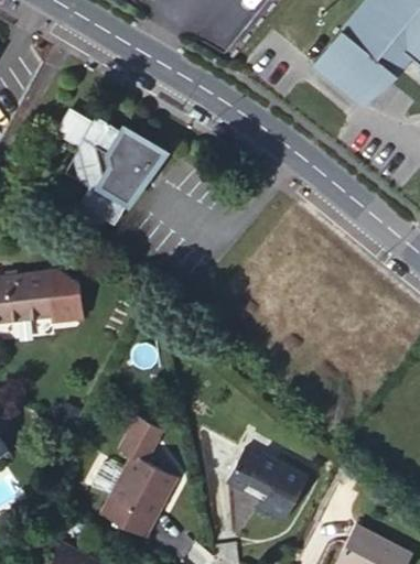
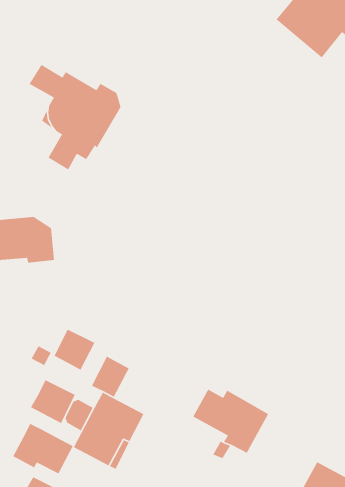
building: none -> [53,328,96,371]
building: none -> [30,379,76,424]
building: none -> [12,423,74,474]

